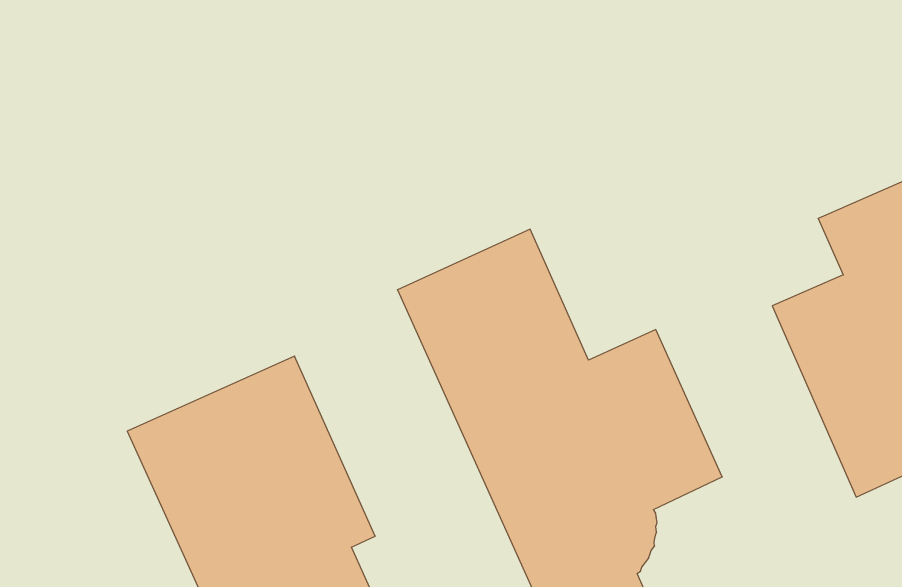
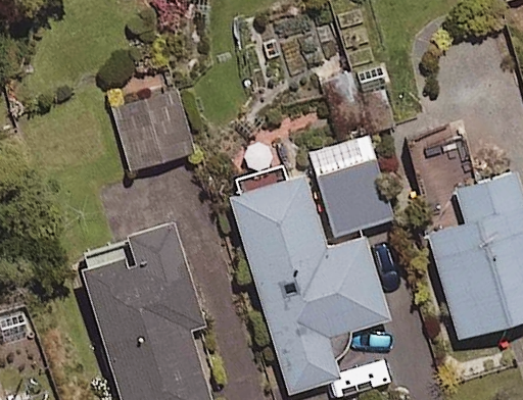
building: none -> [112,89,193,169]
building: none -> [310,136,393,237]

